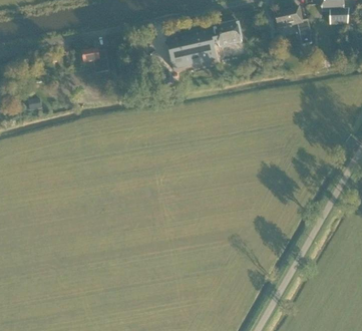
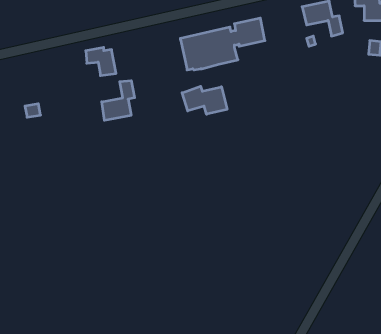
building: none -> [102,81,135,120]
building: none -> [182,86,227,114]

